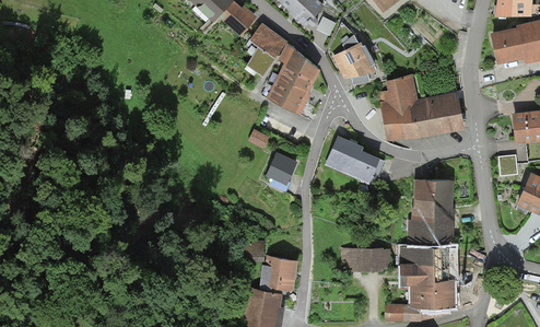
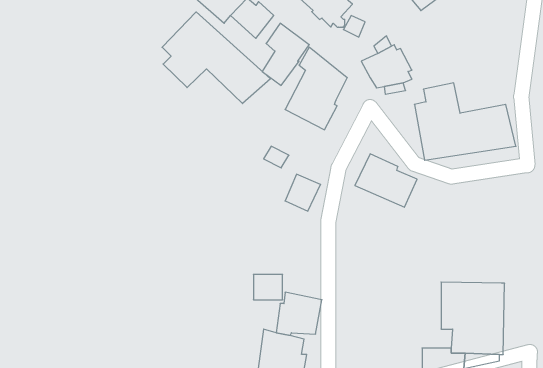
building: none -> [162,12,270,104]
building: [401,182,455,248] -> none
building: [341,248,390,272] -> none

